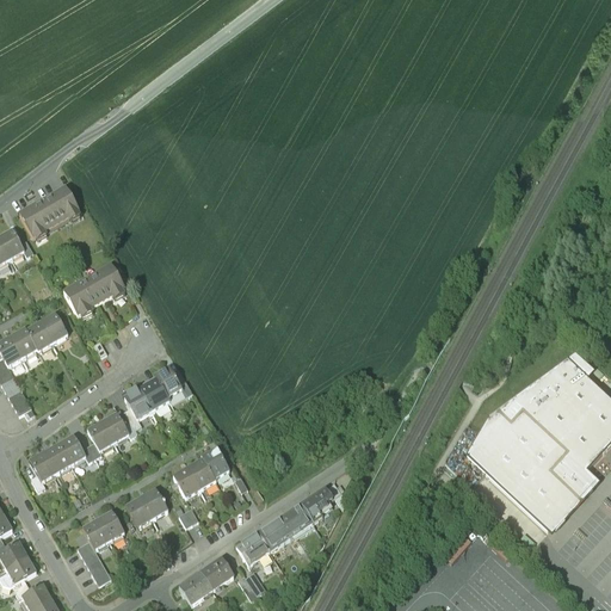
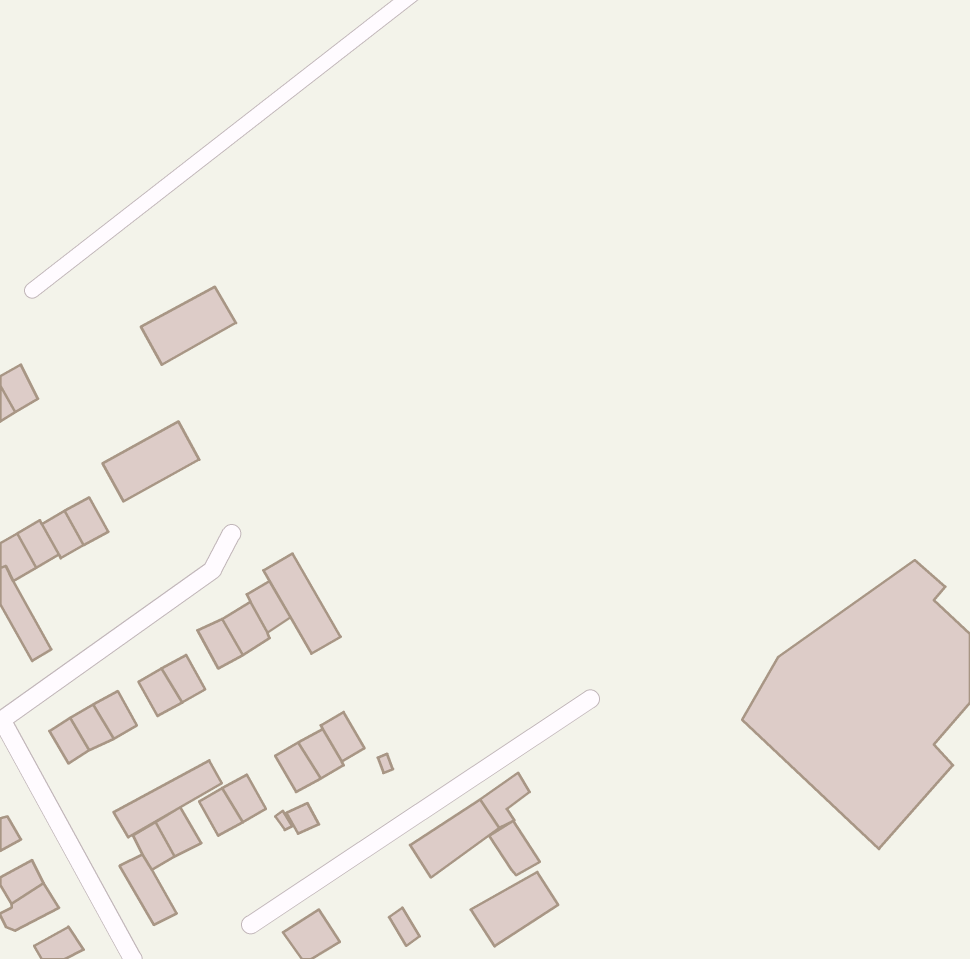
building: [20,189,80,237] -> [141,287,236,365]
building: none -> [263,554,341,654]
building: none -> [114,760,222,837]
building: none -> [489,821,540,875]
building: [234,531,271,567] -> none
building: none -> [471,872,558,946]
building: [200,556,236,592] -> none

